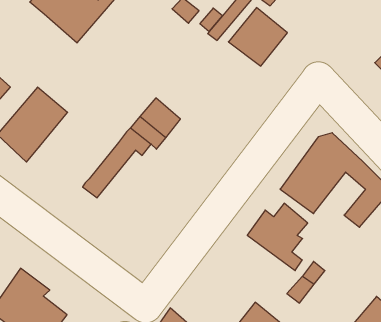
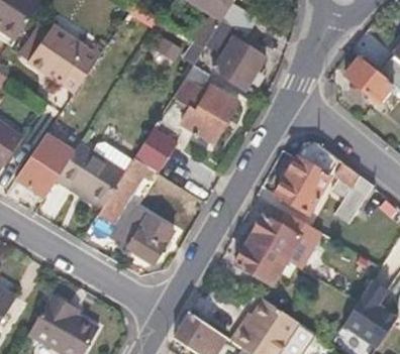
building: none -> [173,81,237,141]
building: none -> [56,144,131,212]
building: none -> [116,209,175,265]
building: none -> [235,241,296,285]

